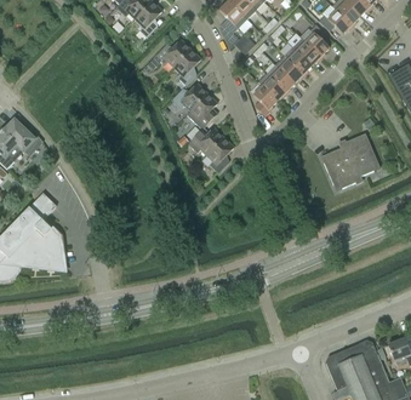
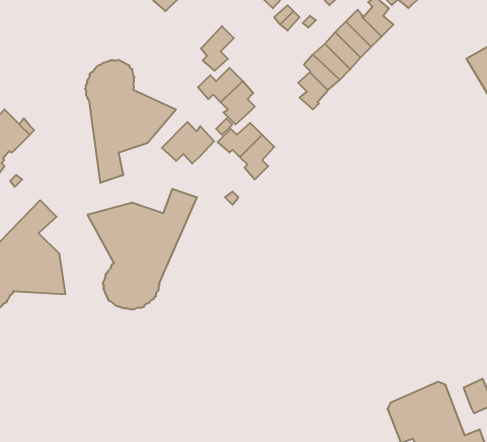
building: [145,39,192,70] -> none
building: none -> [85,60,176,183]
building: none -> [162,122,214,164]
building: [321,133,381,190] -> none
building: none -> [88,189,197,309]

